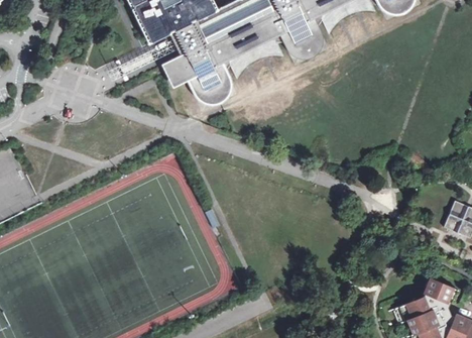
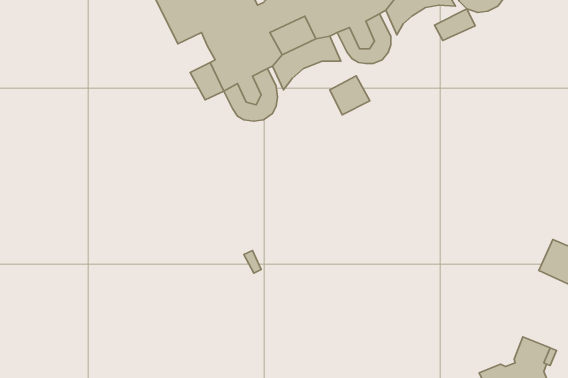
building: none -> [435,9,475,41]
building: none -> [330,76,370,115]

